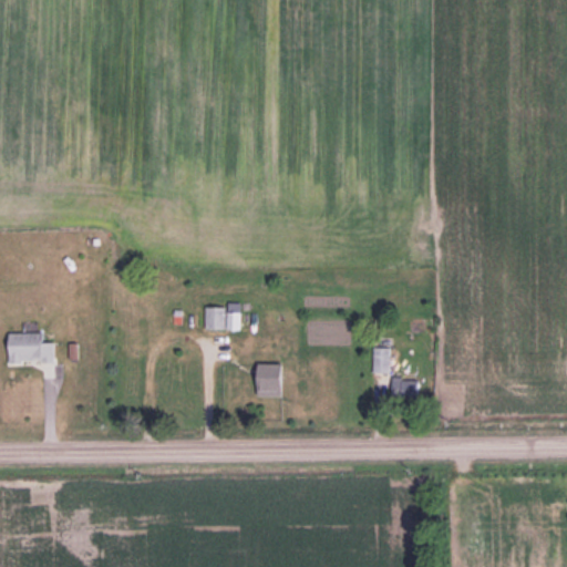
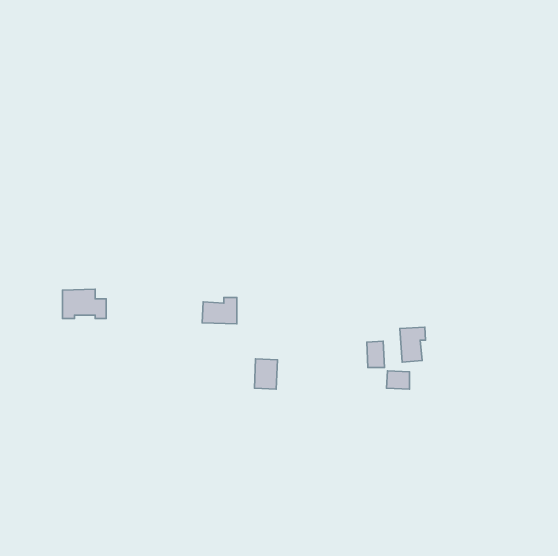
building: [9,333,53,363] -> [63,289,106,318]
building: none -> [400,327,425,362]

